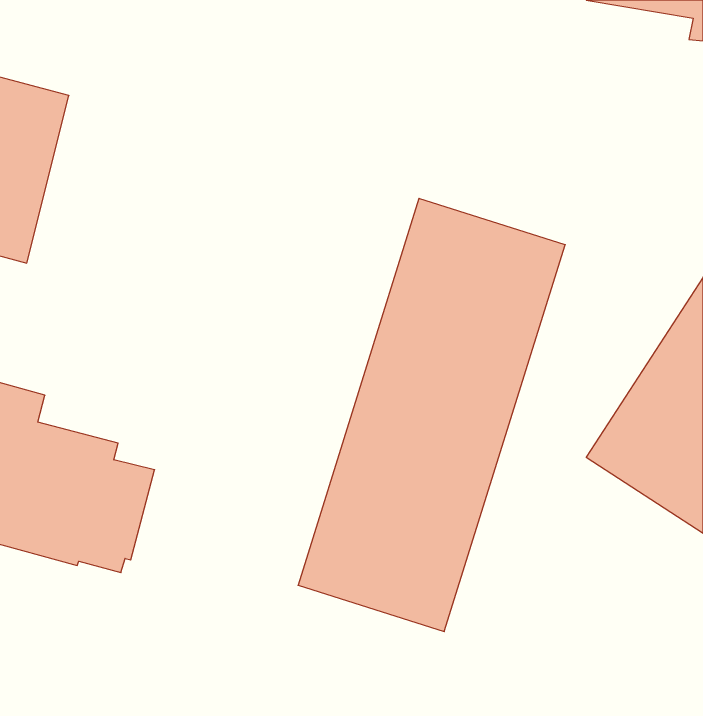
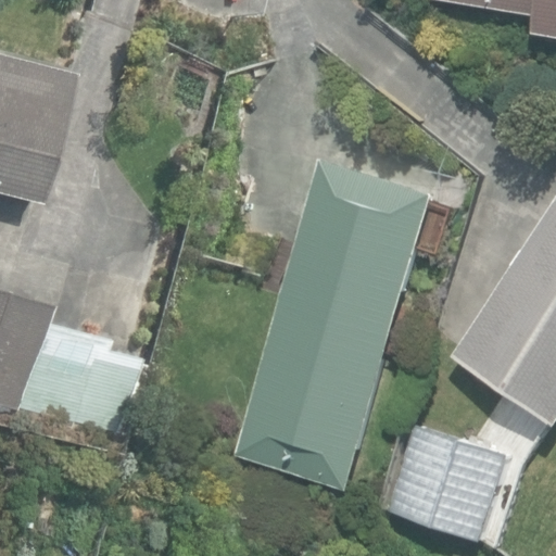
building: none -> [384,425,505,541]

